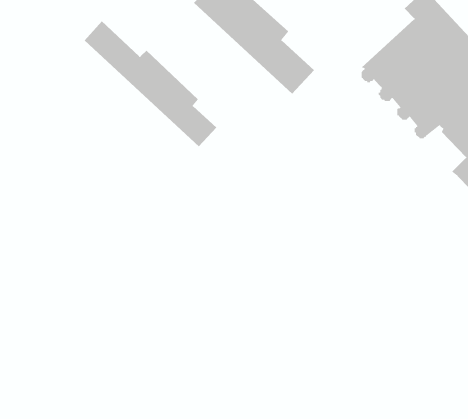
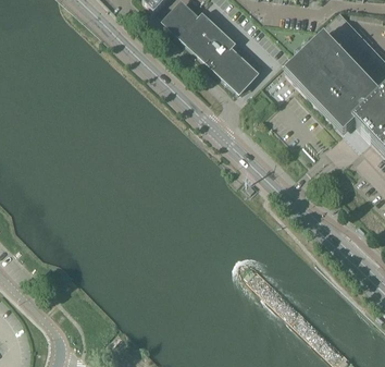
building: [84,21,217,147] -> none

